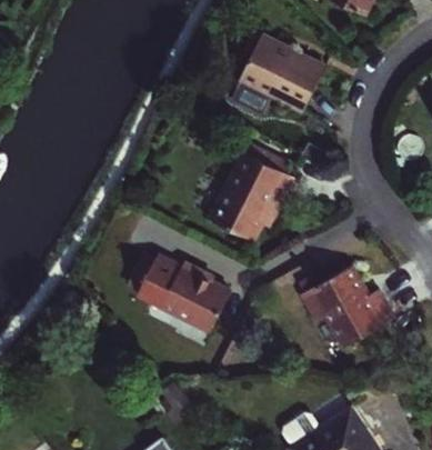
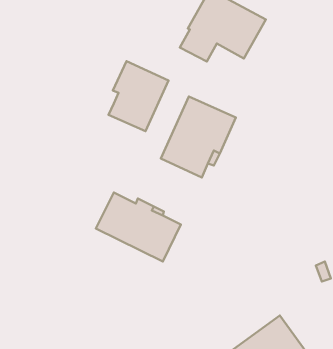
building: none -> [108,61,169,131]
building: [297,269,392,351] -> none

